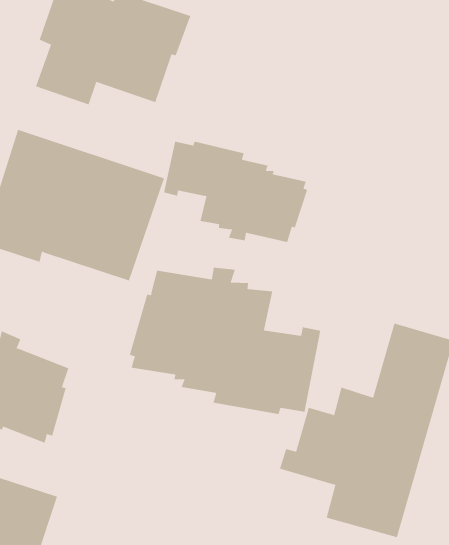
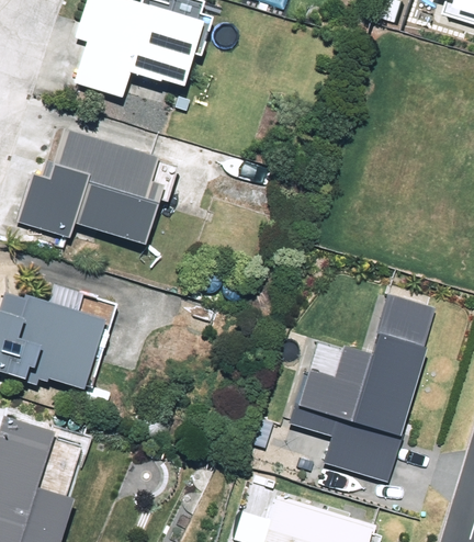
building: [163,141,308,243] -> none
building: [129,267,321,415] -> none

